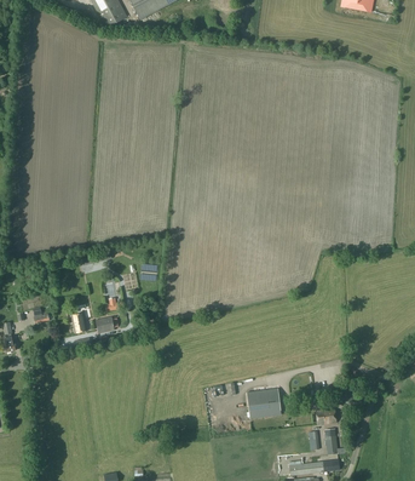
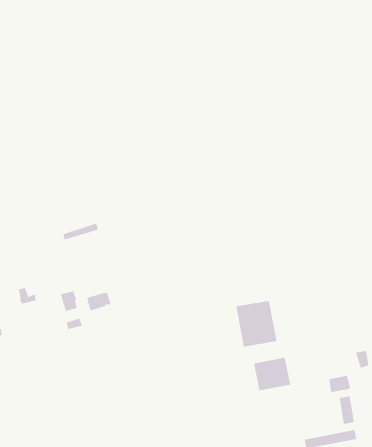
building: none -> [235,300,277,347]

